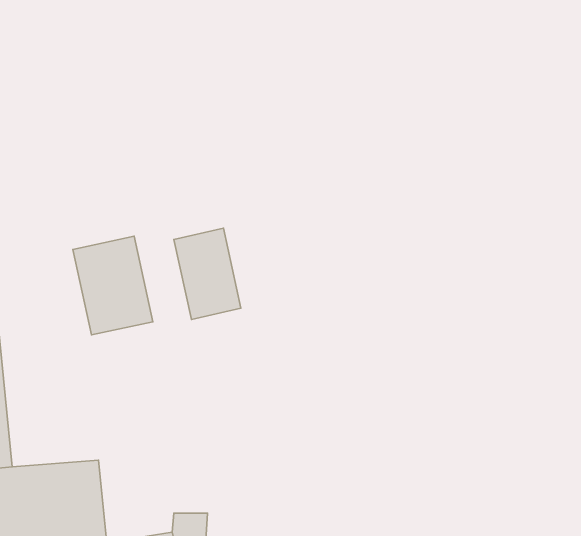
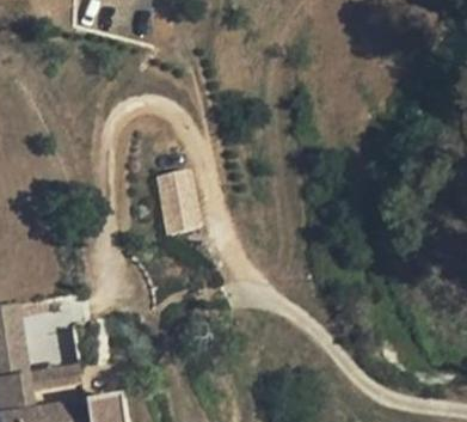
building: [73,236,153,335] -> none

